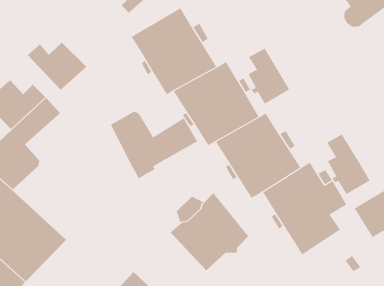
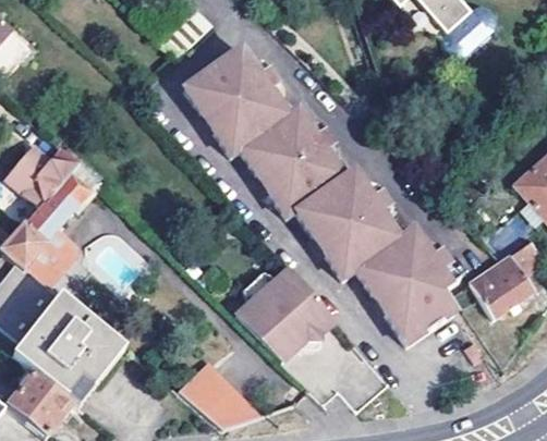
building: [27,42,87,91] -> none
building: [248,48,290,104] -> none
building: [110,111,198,180] -> none
building: [326,134,371,195] -> none

